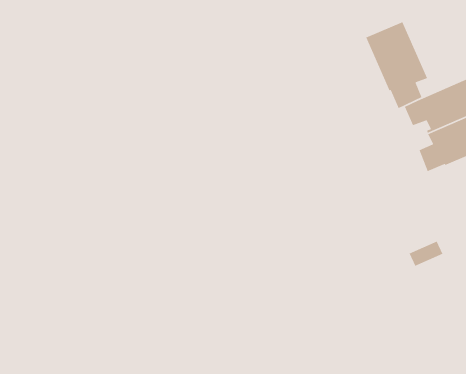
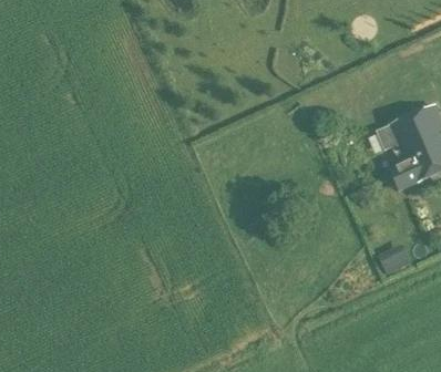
building: [365,21,428,109] -> none

